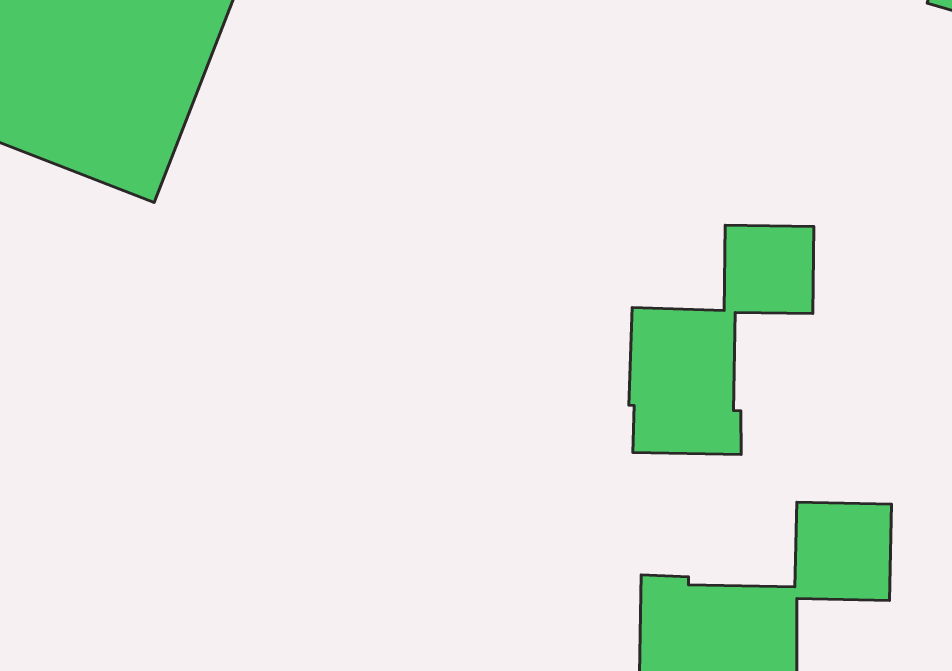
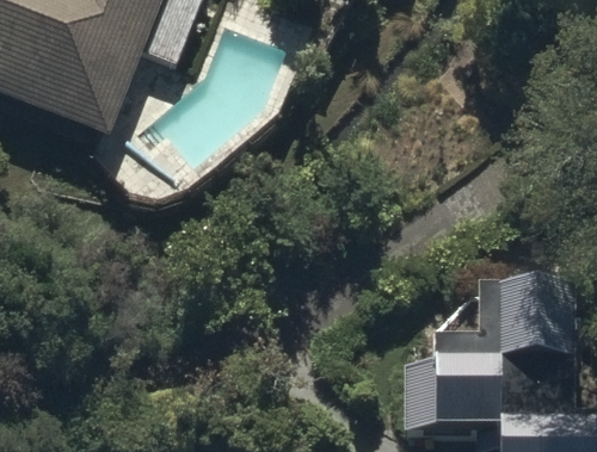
building: [629,225,814,454] -> none

